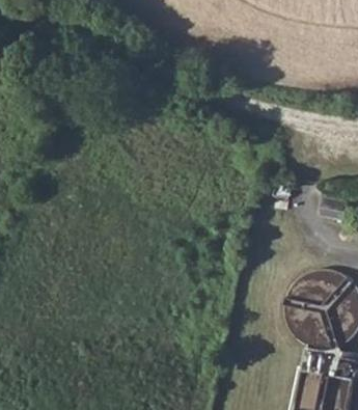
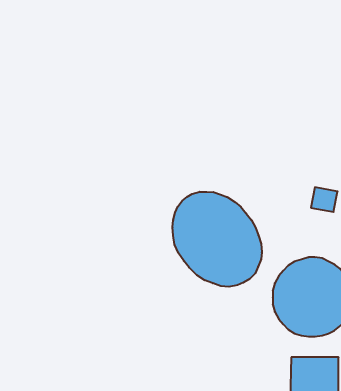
building: none -> [173,192,262,287]

